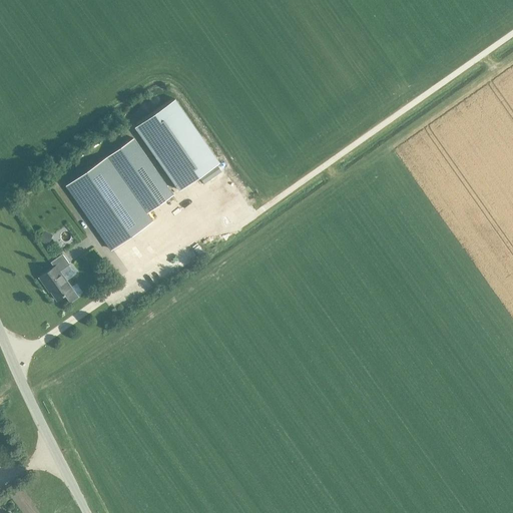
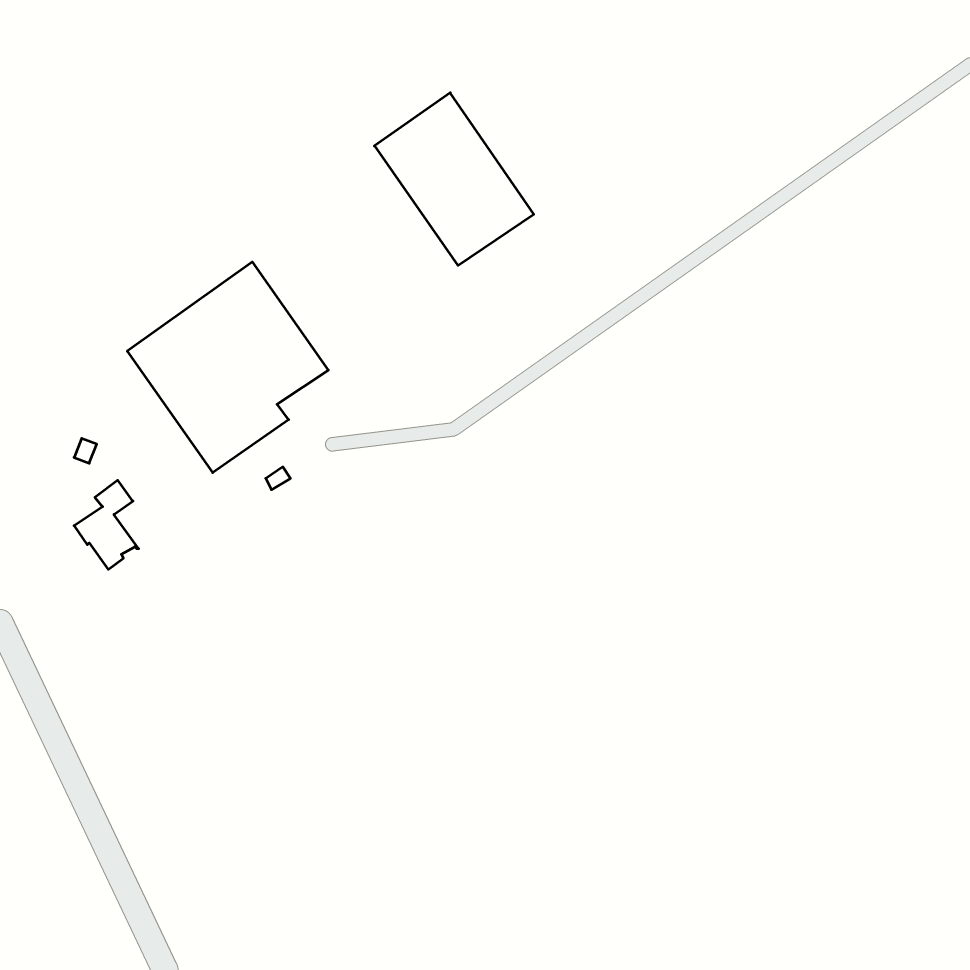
building: [135,99,219,190] -> [374,93,534,265]

